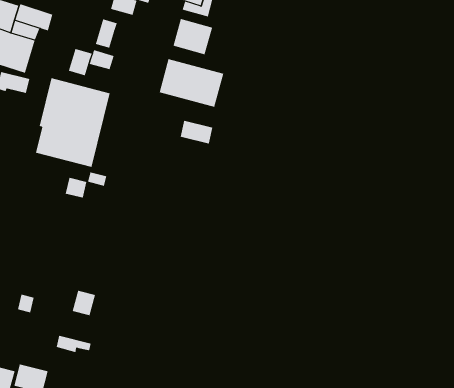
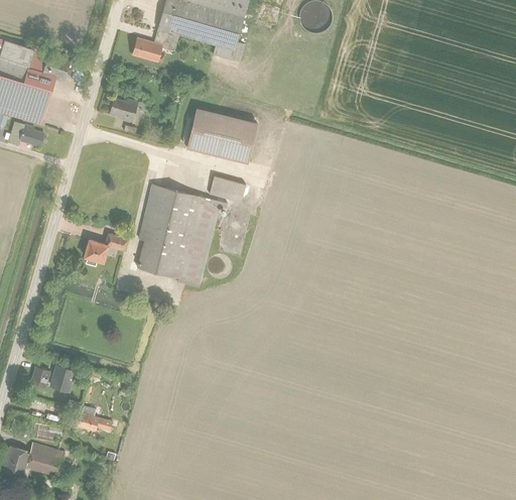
building: [173,18,213,55] -> none
building: [95,19,118,49] -> none
building: [68,48,92,76] -> none
building: [35,78,110,168] -> [136,184,219,283]
building: [72,290,96,316] -> [49,363,76,391]

